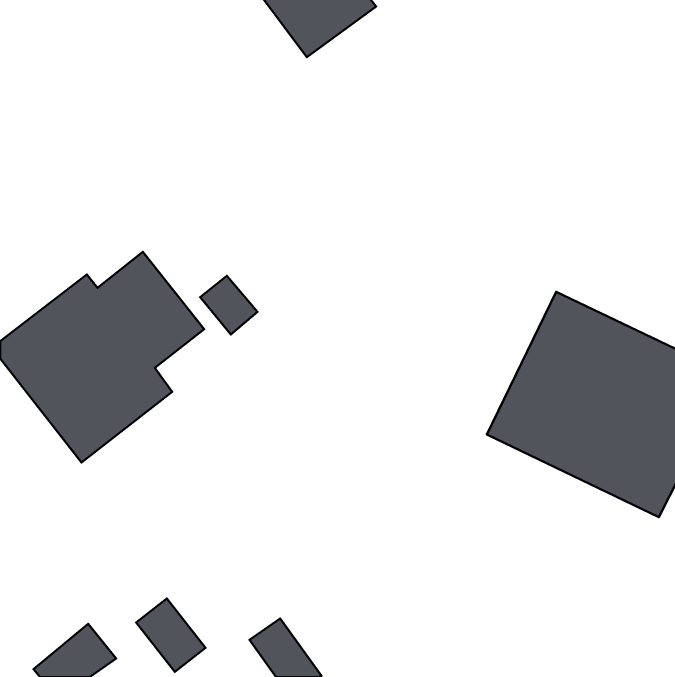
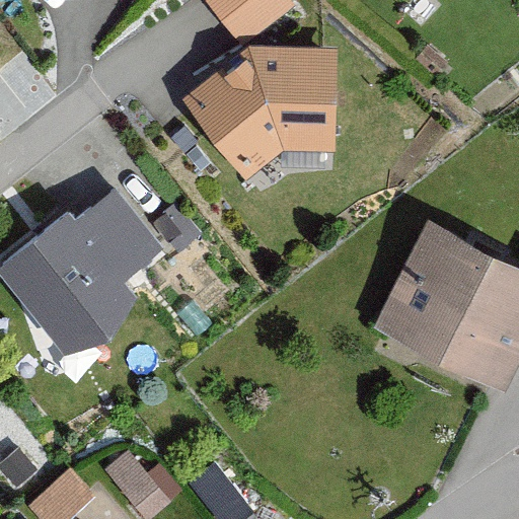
building: none -> [183,48,335,179]

